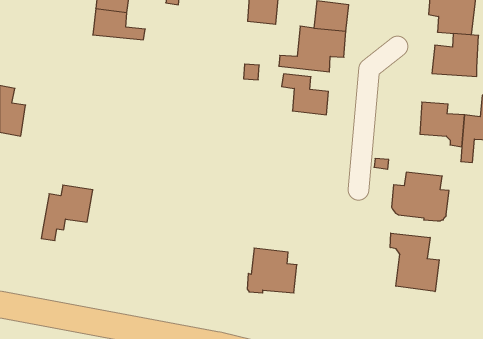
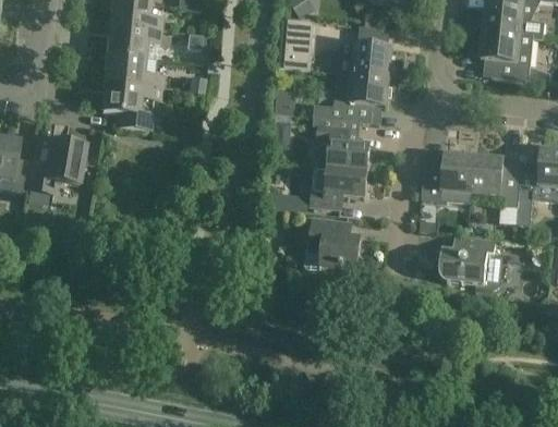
building: [432,34,479,76] -> [421,154,473,202]
building: none -> [101,81,161,130]
building: none -> [310,166,366,208]
building: [41,185,93,241] -> [25,141,83,203]
building: [390,233,439,292] -> none
building: [247,248,297,293] -> [304,219,360,269]

